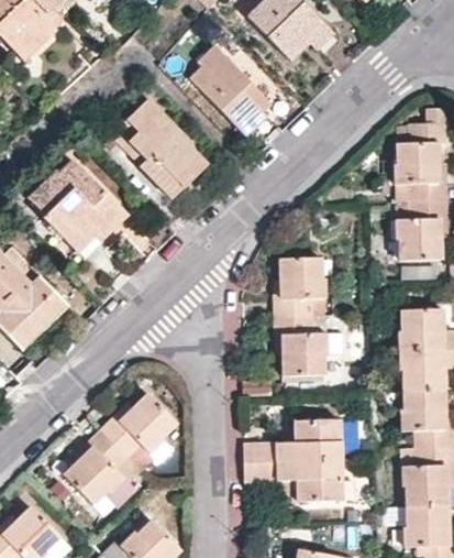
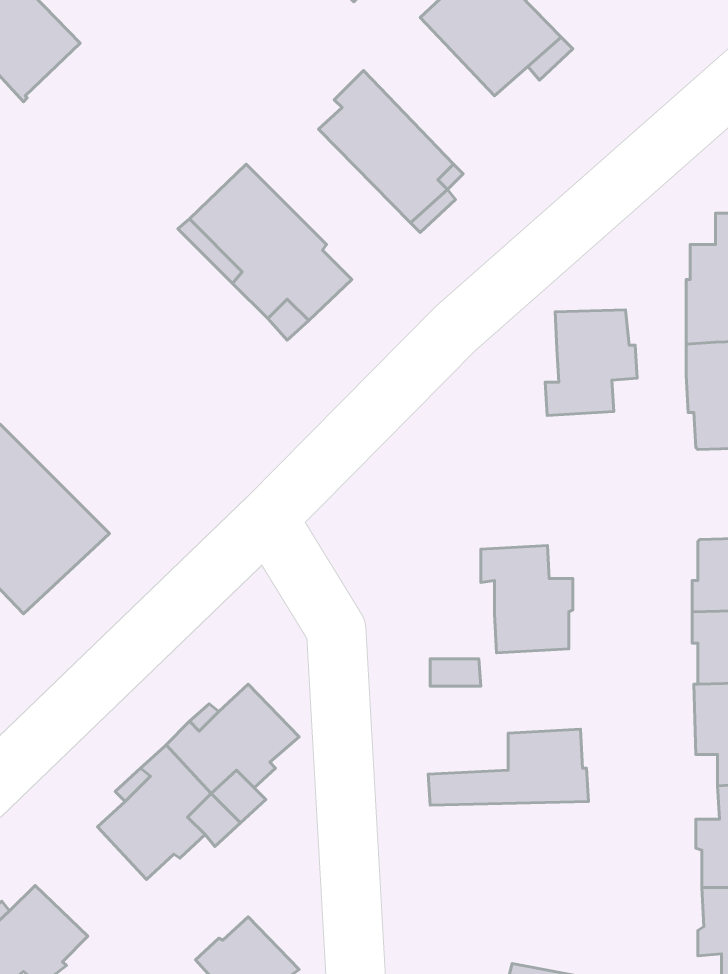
building: [30,161,128,259] -> none
building: [279,256,331,316] -> [545,310,637,415]
building: [252,458,342,500] -> none

